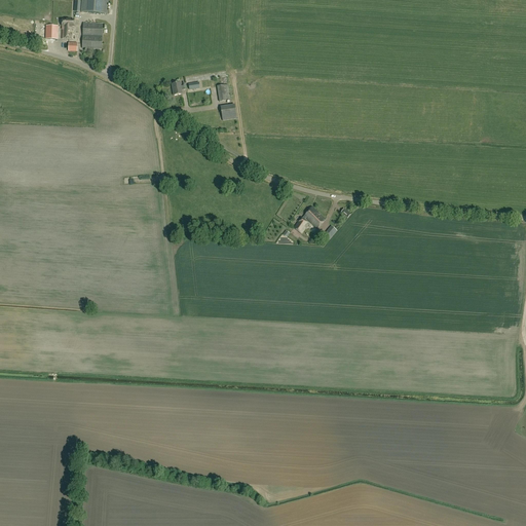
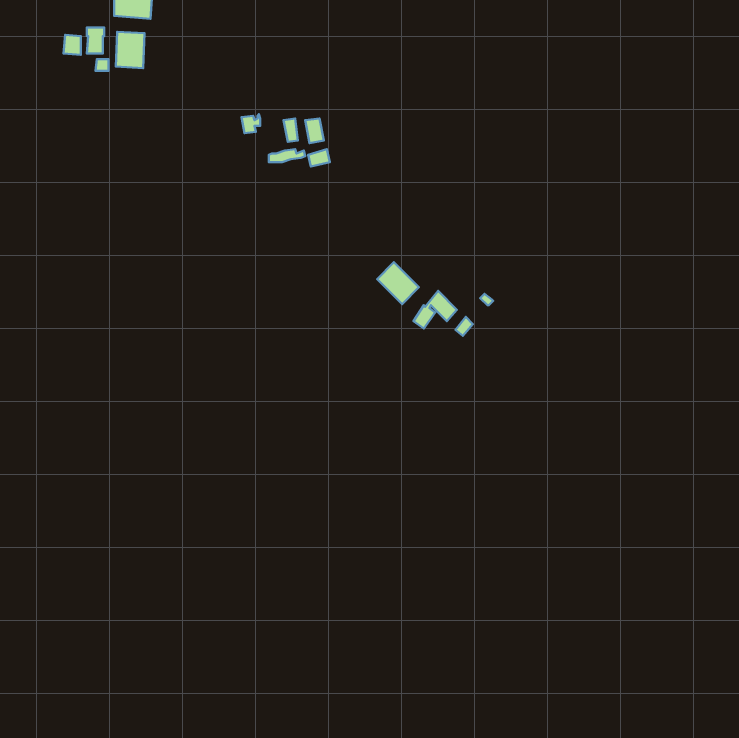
building: none -> [377,262,419,304]

